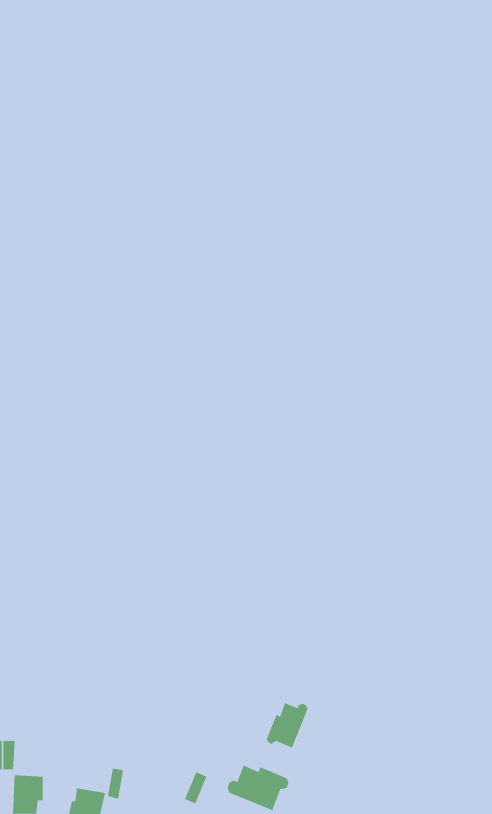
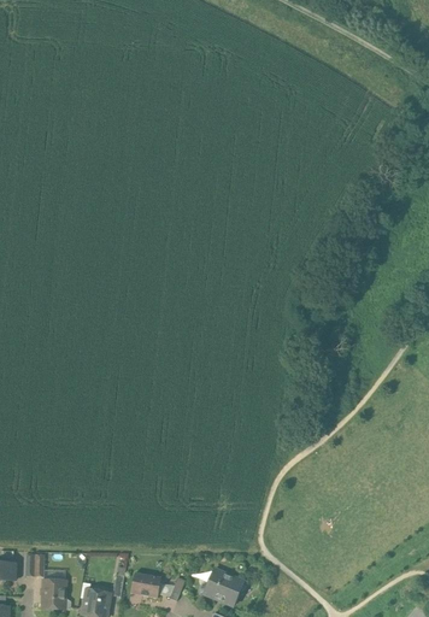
building: [266,702,308,748] -> none
building: none -> [130,572,160,598]

